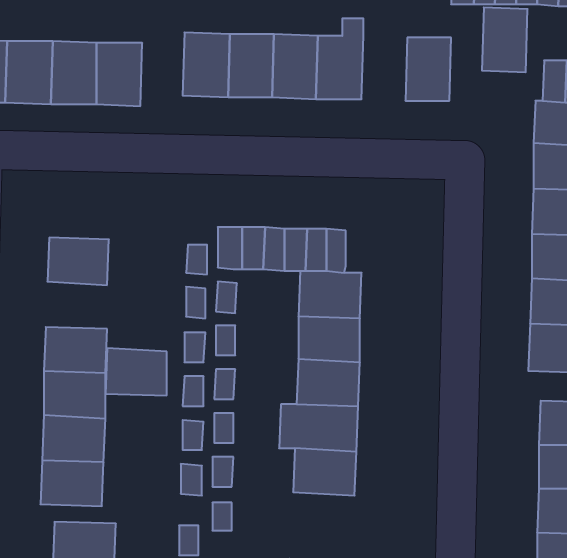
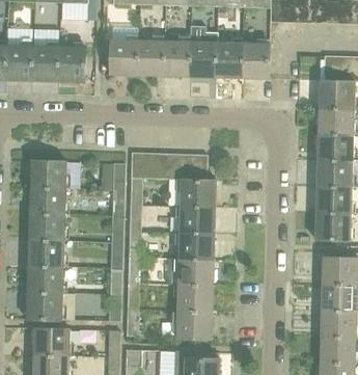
building: [482,7,528,72] -> [216,42,243,80]
building: [105,348,167,395] -> [29,187,65,215]
building: none -> [174,312,212,340]

